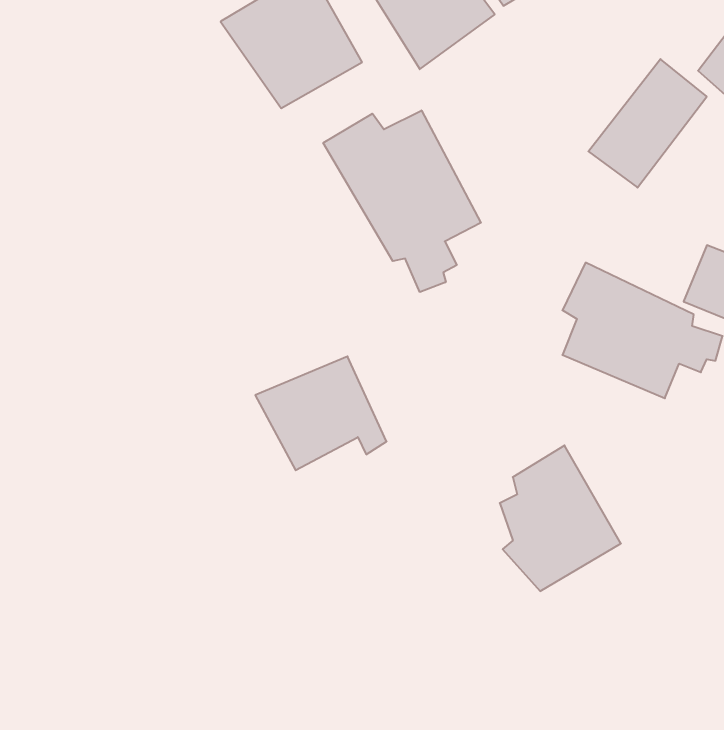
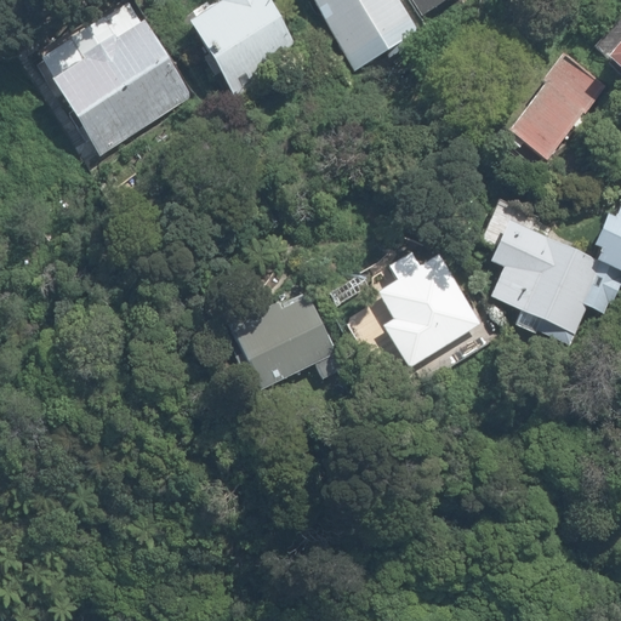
building: none -> [62,15,205,149]
building: [323,110,481,292] -> none
building: [500,445,621,591] -> [375,241,477,364]

